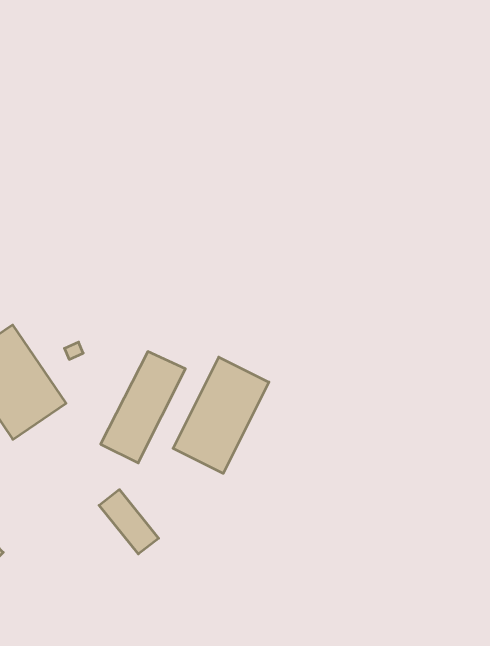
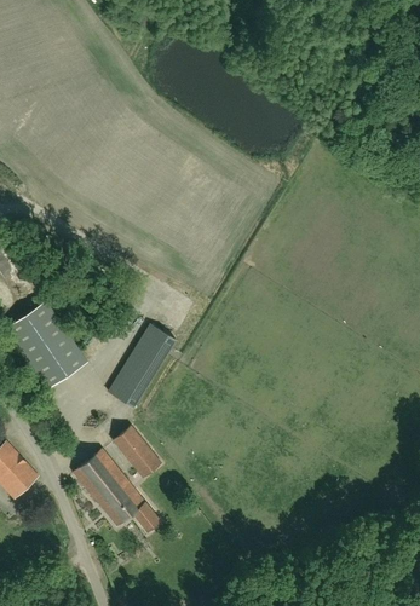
building: [173,357,269,473] -> none
building: none -> [71,448,159,531]

